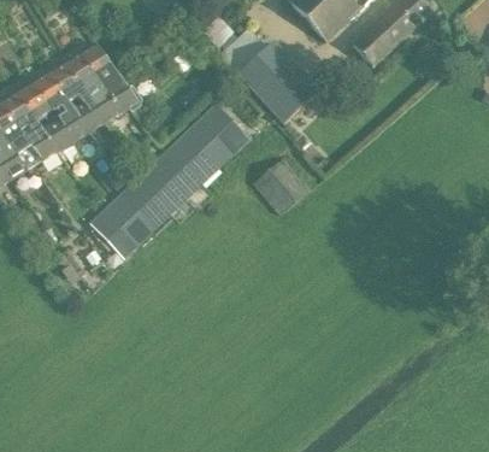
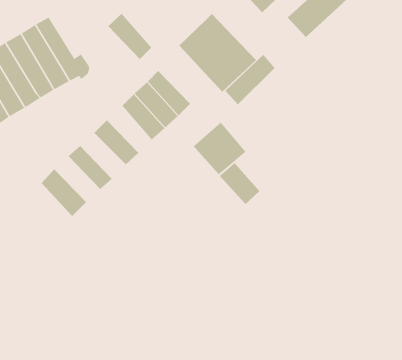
building: none -> [225,54,275,105]
building: [159,140,207,190] -> [107,13,152,60]
building: [130,169,179,218] -> none
building: [102,194,152,243] -> none
building: none -> [219,162,260,205]

